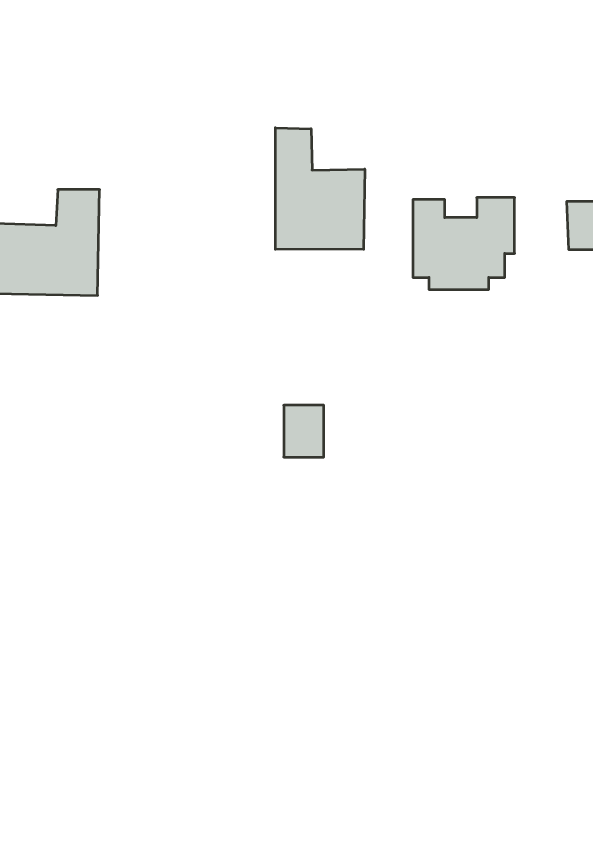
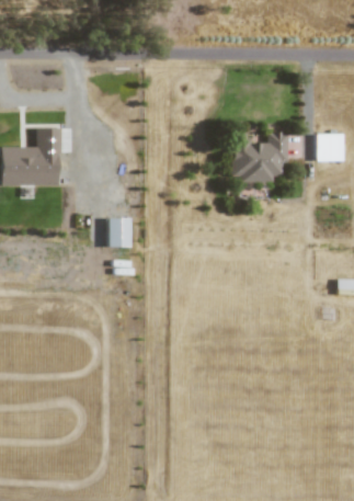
building: [275,128,365,249] -> none
building: [284,405,324,457] -> [109,218,130,247]

